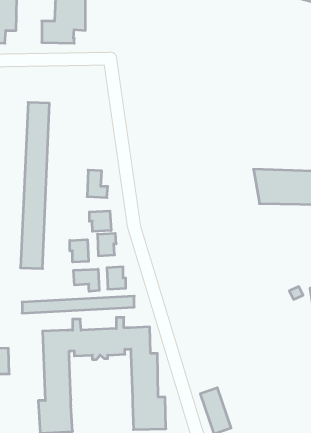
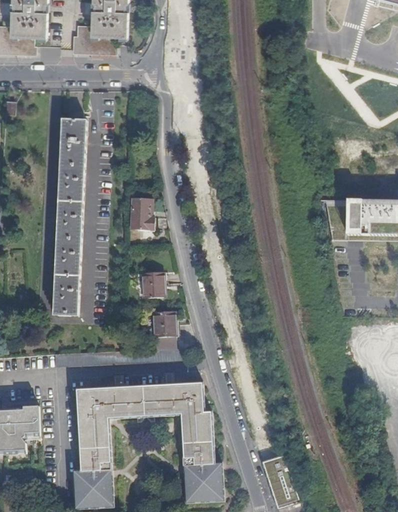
building: [89,211,111,231] -> none
building: [70,240,89,262] -> none
building: [74,269,99,291] -> none

